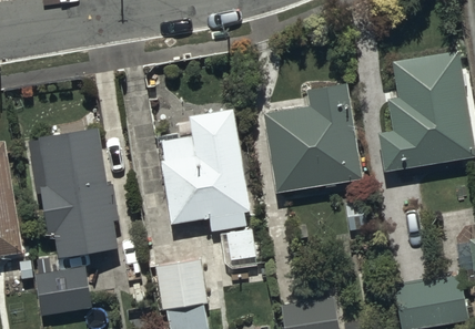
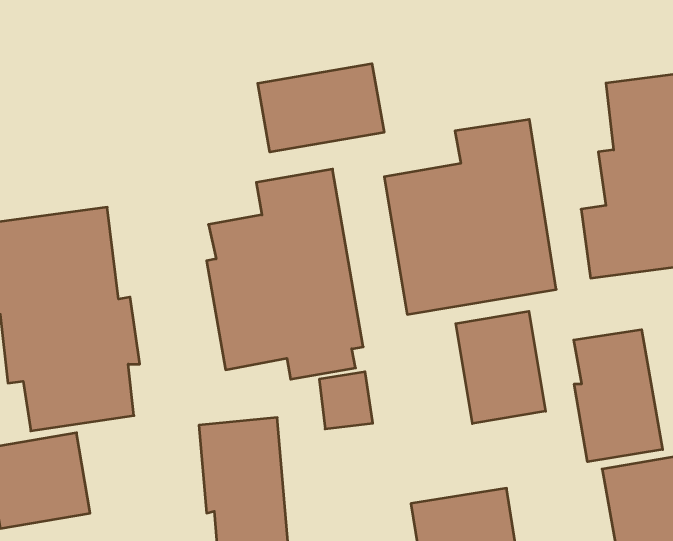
building: none -> [258,64,384,152]
building: none -> [456,311,546,424]
building: none -> [574,330,663,462]

